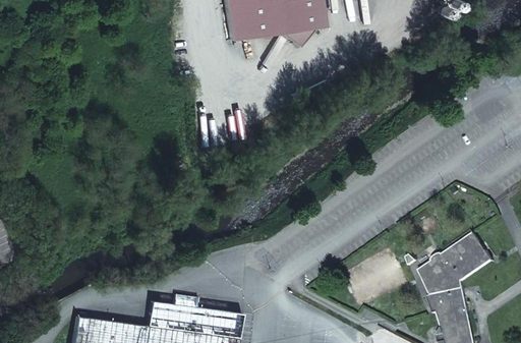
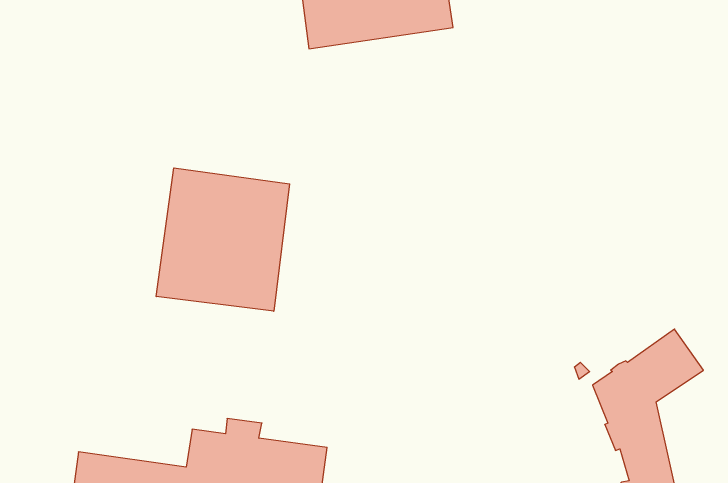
building: none -> [156,168,290,311]

